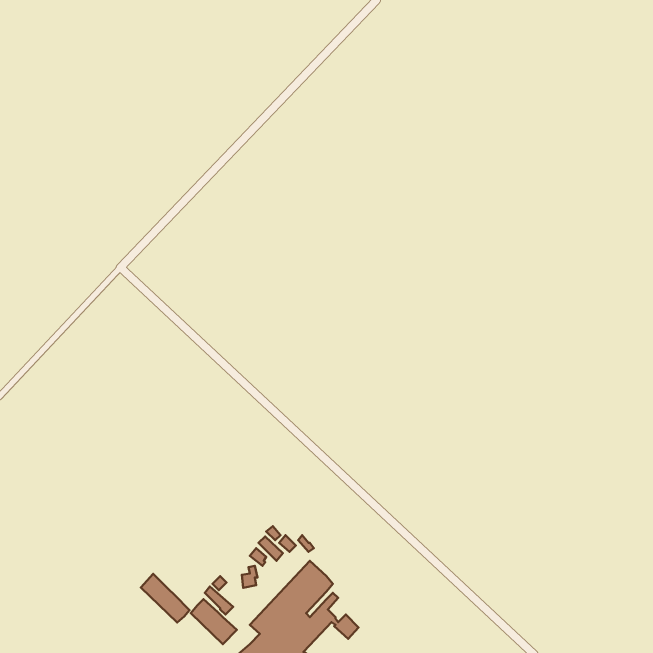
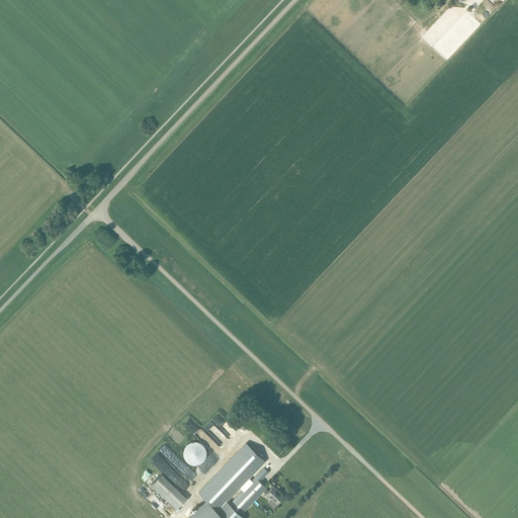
building: [141,574,190,622] -> none

